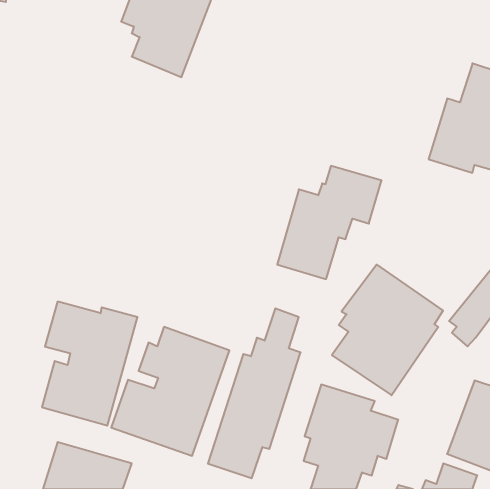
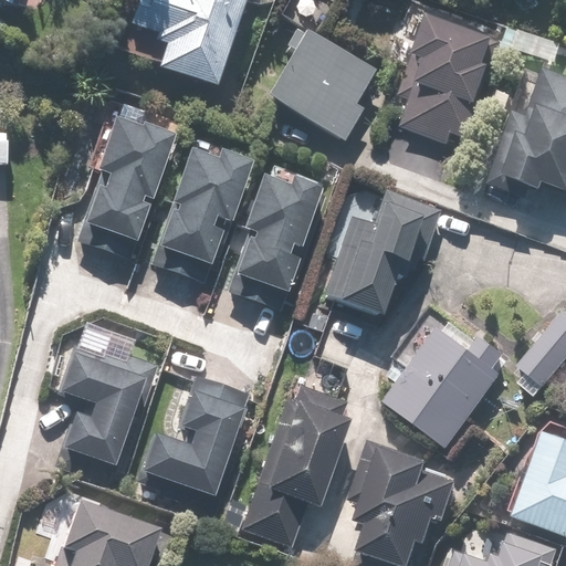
building: none -> [408,18,493,137]
building: none -> [268,27,374,140]
building: none -> [78,126,169,253]
building: none -> [153,155,248,279]
building: none -> [227,179,316,305]

